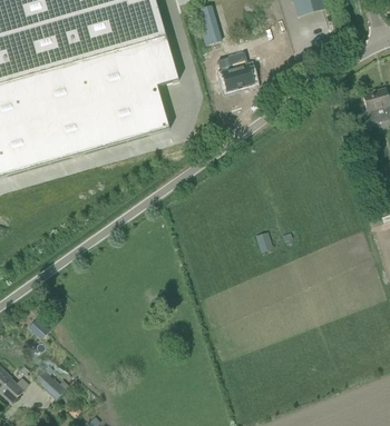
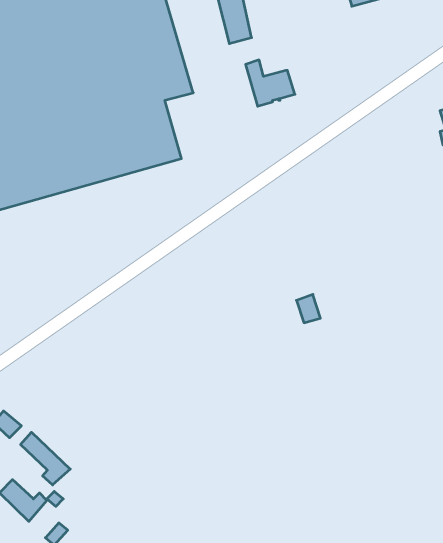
building: none -> [21,432,70,485]

